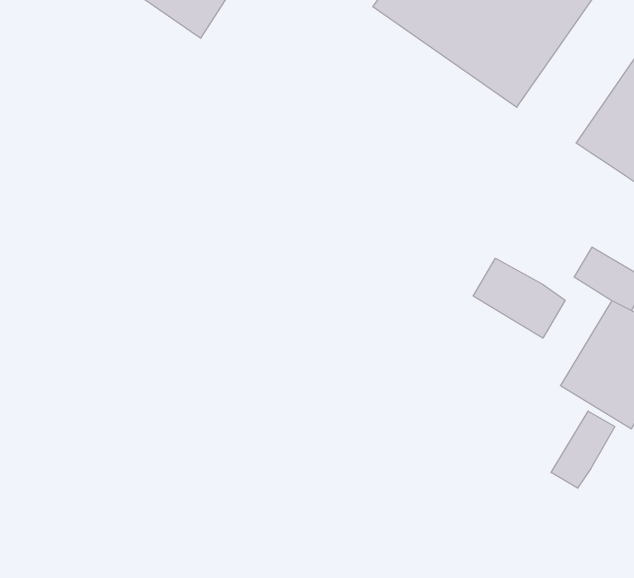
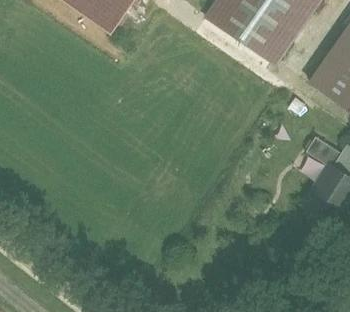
building: [473,258,565,338] -> none
building: [551,411,615,488] -> none

